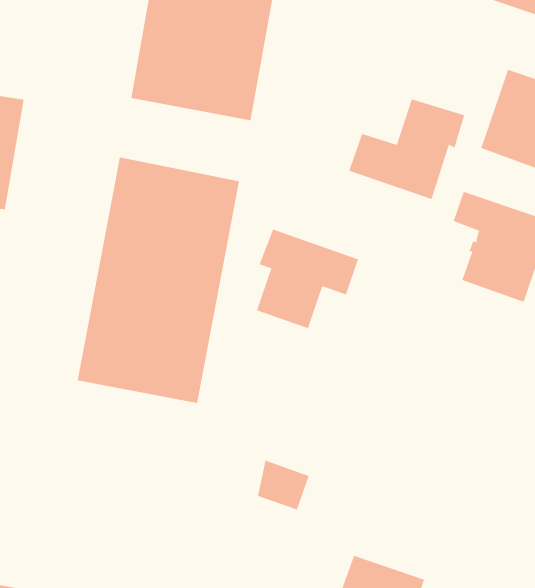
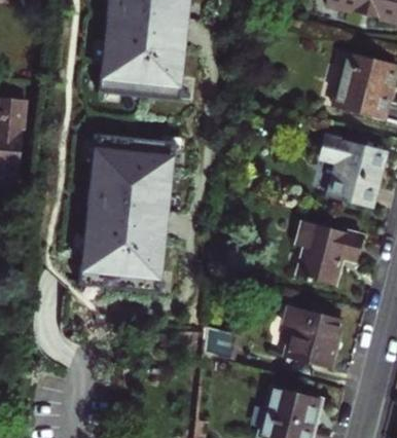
building: [348,99,465,200] -> none
building: [256,229,359,329] -> [298,220,365,285]
building: none -> [286,305,342,368]

